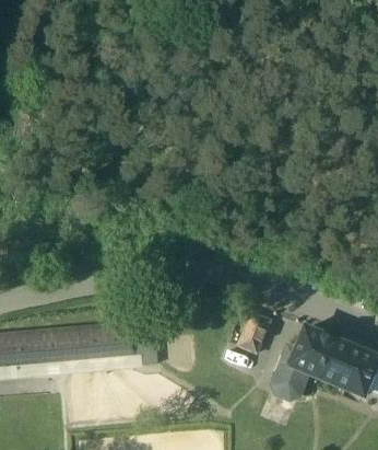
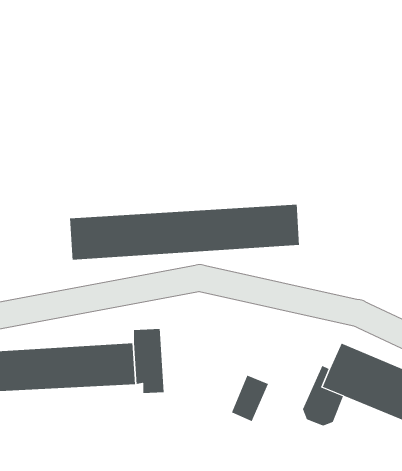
building: none -> [70,204,299,261]
building: [238,311,270,350] -> [231,375,269,422]

